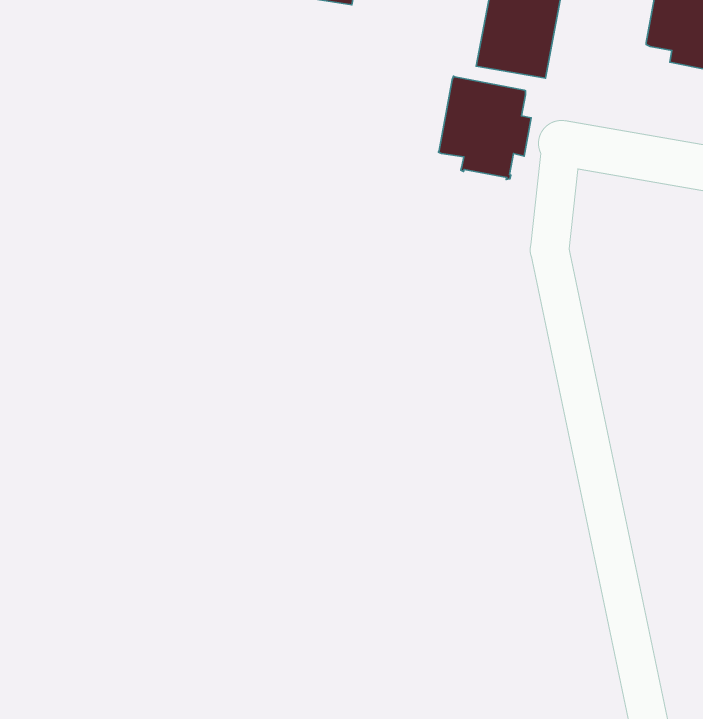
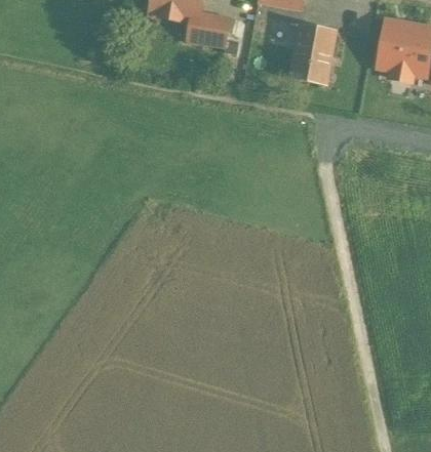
building: [438,76,531,179] -> none

